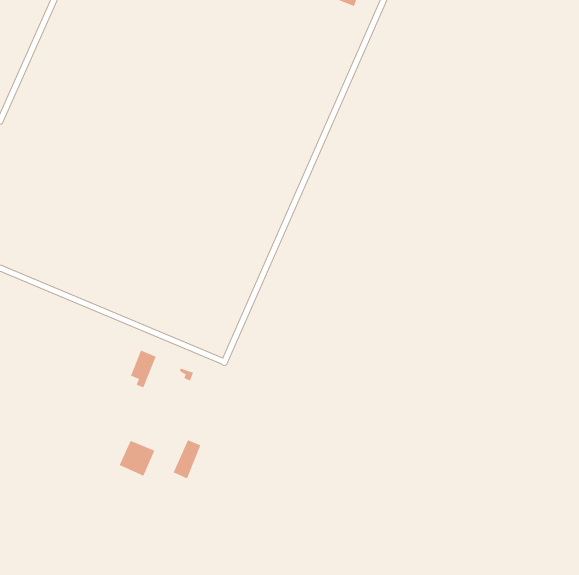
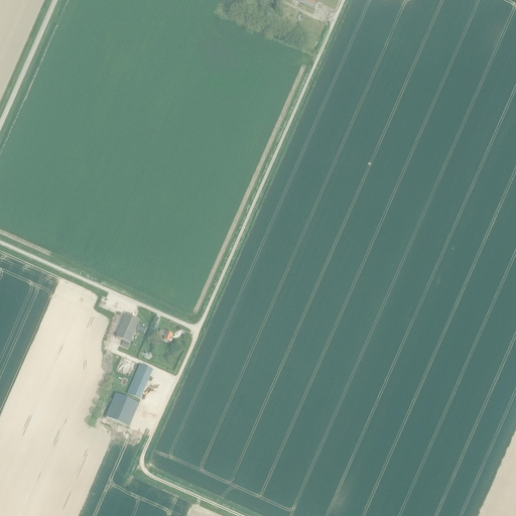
building: [173,440,201,479] -> [127,362,152,397]

